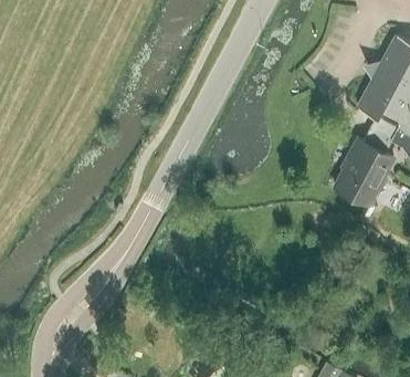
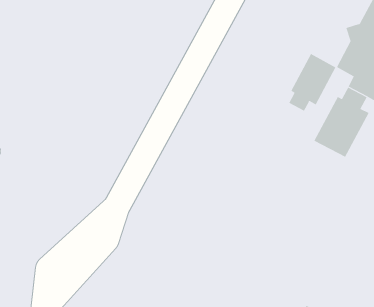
building: none -> [289,53,336,112]

